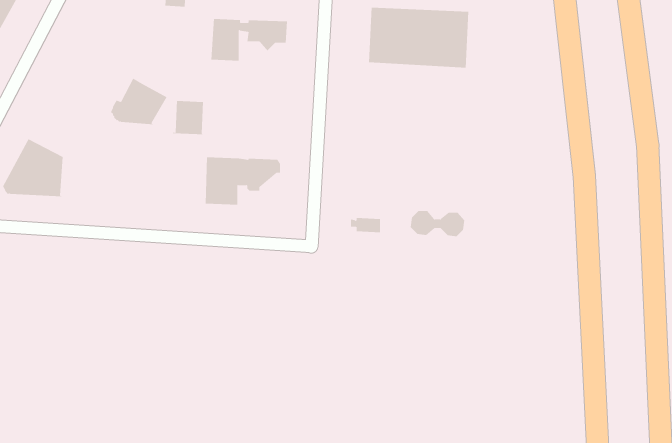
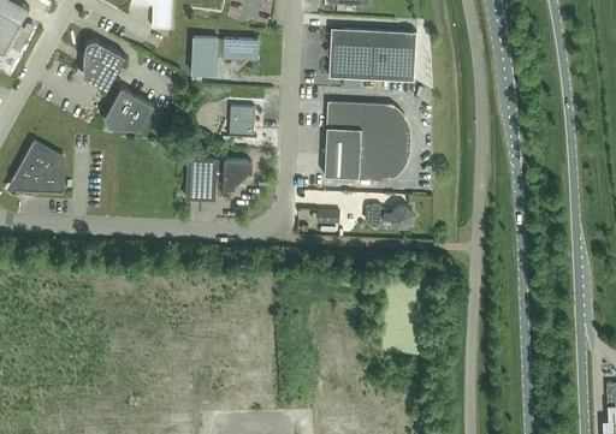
building: none -> [83,40,125,88]
building: none -> [325,102,409,178]
building: [172,100,205,135] -> [227,106,256,136]

